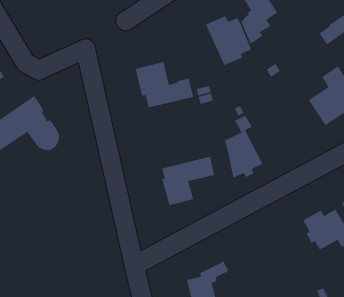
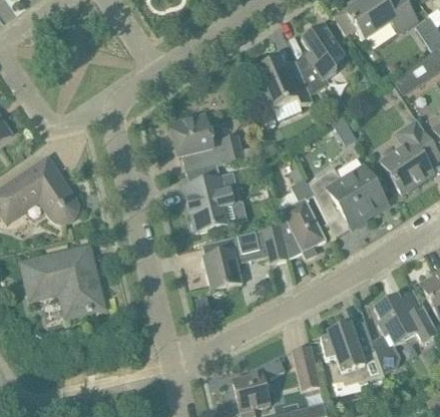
building: none -> [308,165,387,224]
building: none -> [185,172,235,231]
building: none -> [263,224,290,262]
building: none -> [23,246,103,315]
building: none -> [321,319,385,385]
building: none -> [292,345,321,388]

